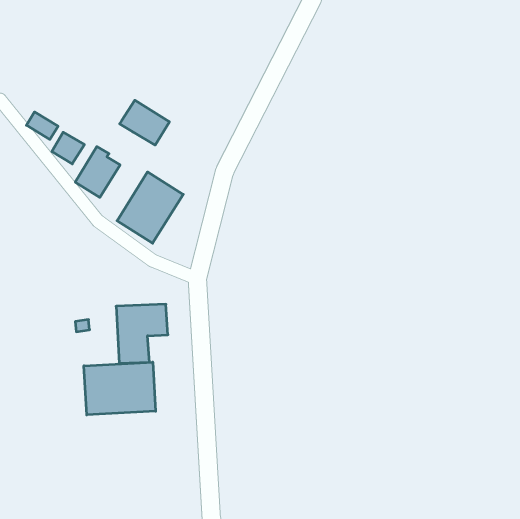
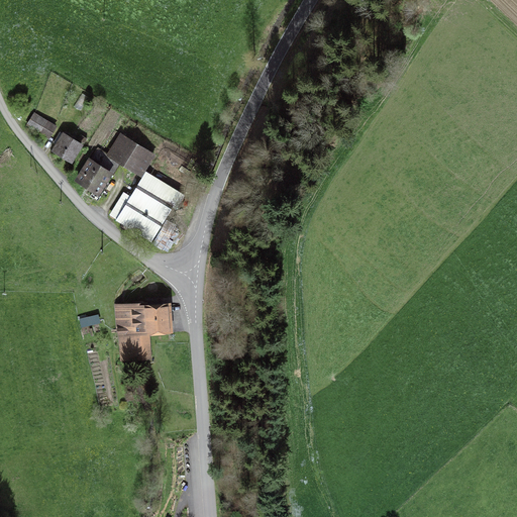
building: [120,100,169,145] -> [106,132,156,177]
building: [84,362,156,415] -> none

